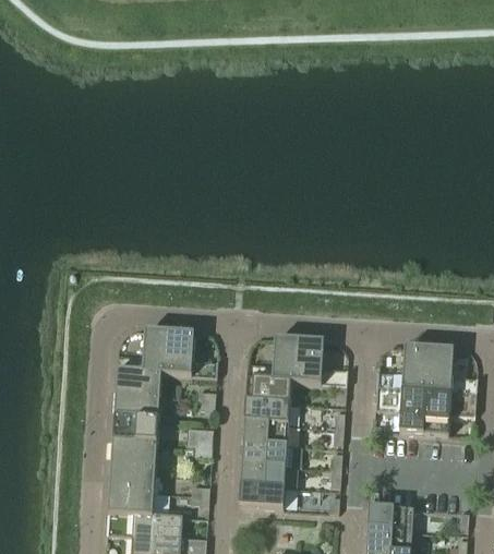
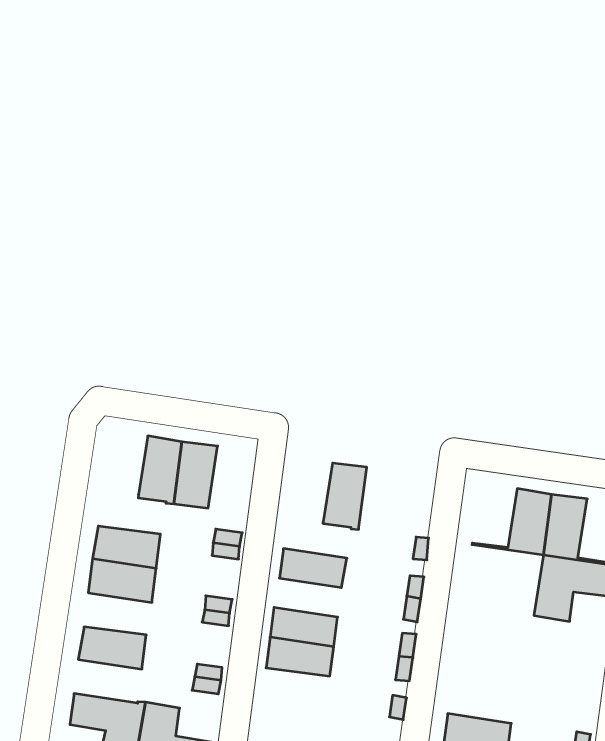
building: [298,338,325,384] -> none
building: [117,369,162,396] -> none
building: [246,376,292,402] -> none
building: [376,386,427,432] -> none
building: [243,420,289,444] -> none
building: [112,441,158,467] -> none
building: [240,483,286,507] -> none
building: [109,487,155,515] -> none

